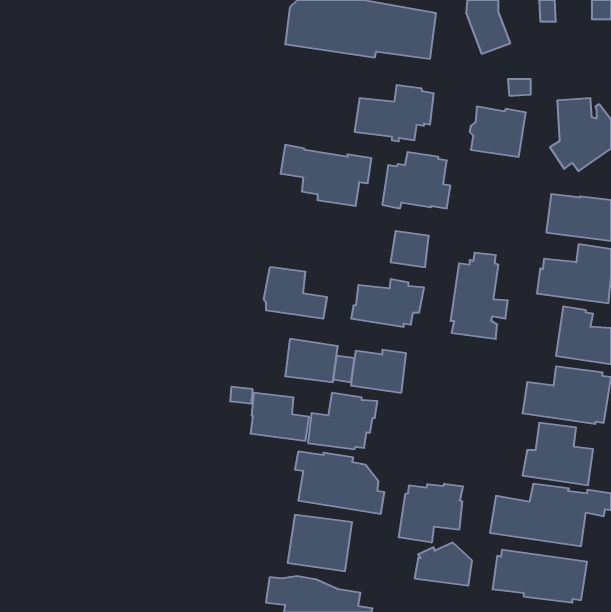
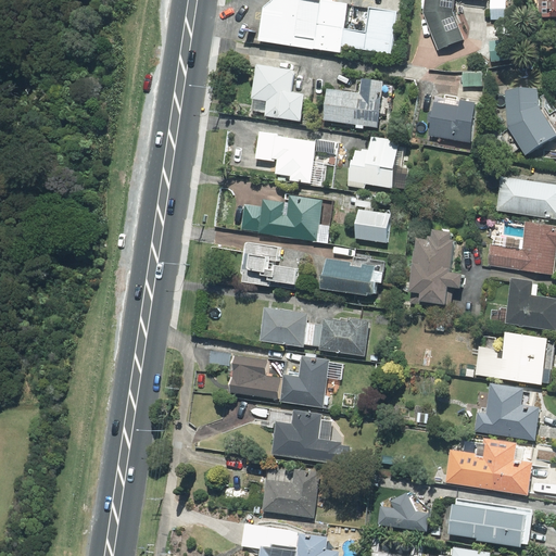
building: none -> [250,64,303,121]
building: none -> [240,193,332,242]
building: [399,484,463,543] -> none

